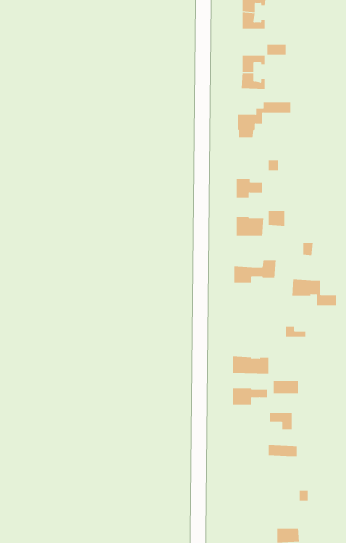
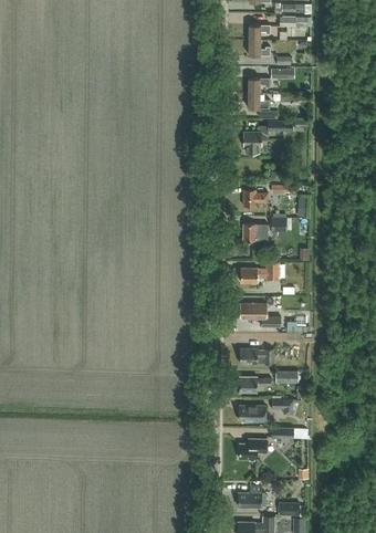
building: [291,279,337,306] -> [239,302,280,326]
building: none -> [238,405,265,420]
building: none -> [238,438,267,459]
building: none -> [237,485,264,506]

